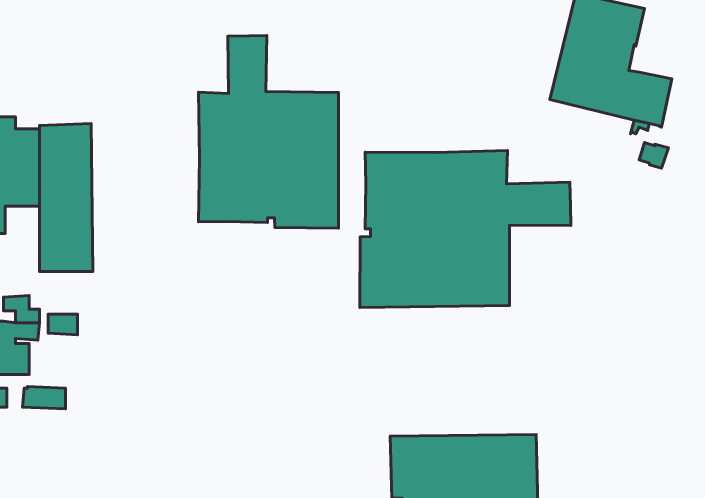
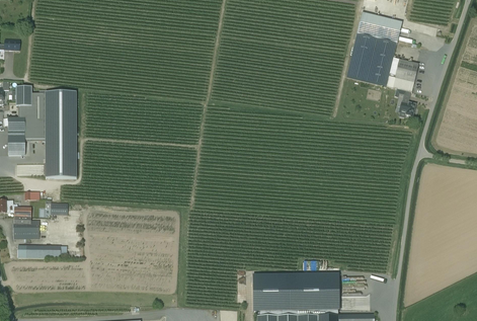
building: [198,36,339,228] -> none
building: [360,151,571,307] -> none

